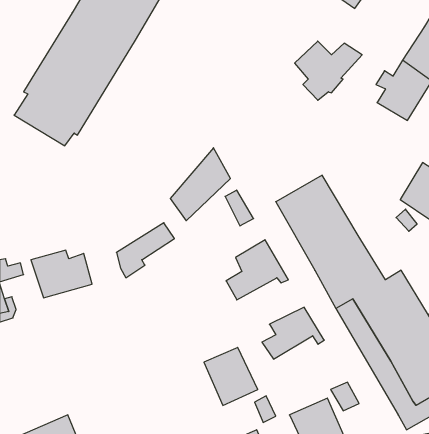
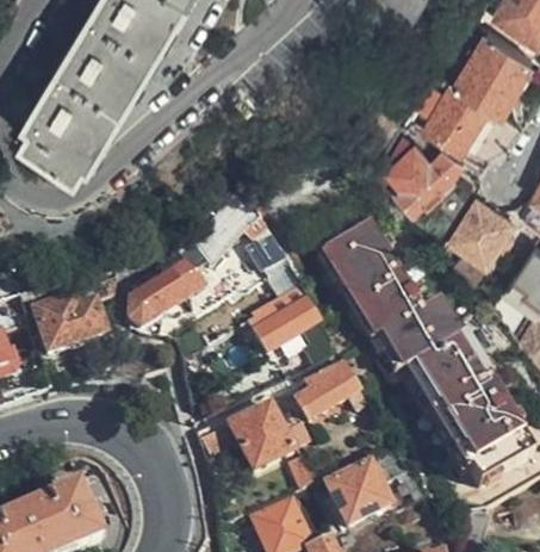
building: [295,41,362,100] -> [389,144,465,211]

